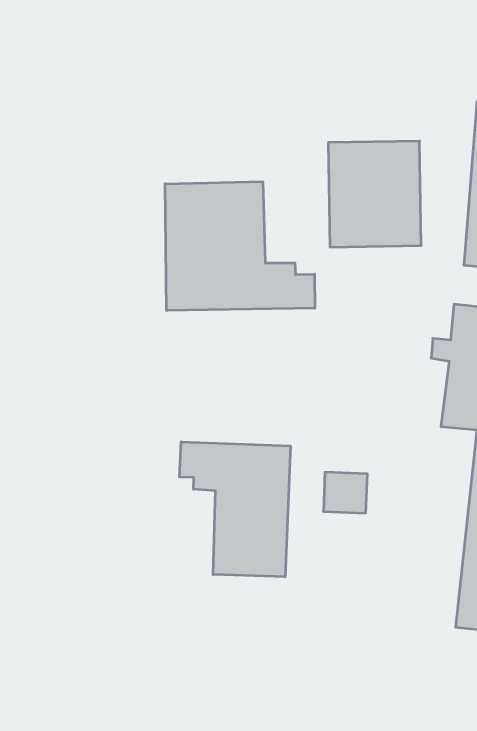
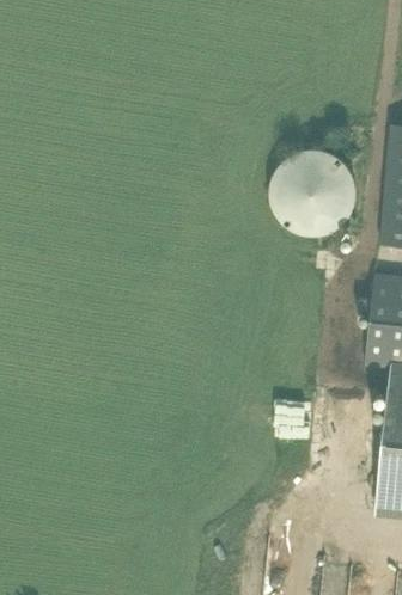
building: [165,182,315,311] -> none
building: [180,442,290,577] -> none

